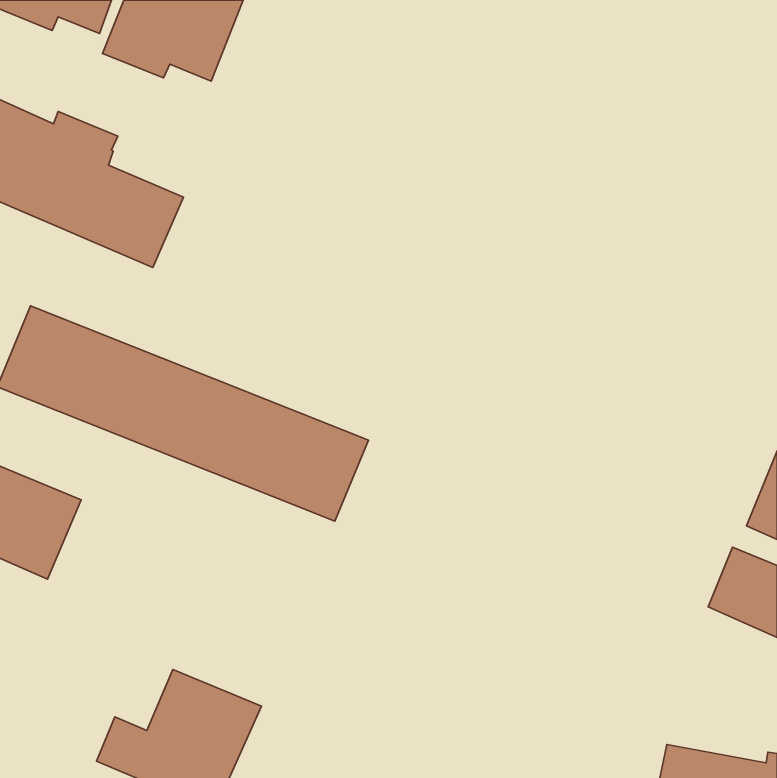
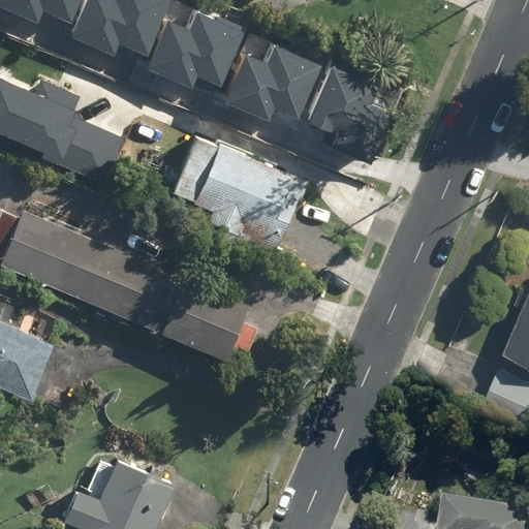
building: none -> [145,15,241,92]
building: none -> [224,52,320,128]
building: none -> [307,69,390,162]
building: none -> [167,130,309,244]

